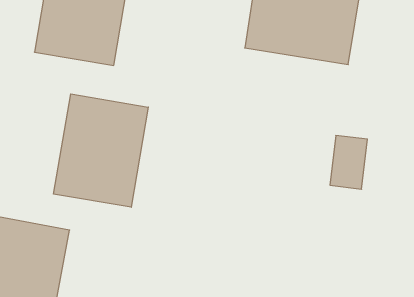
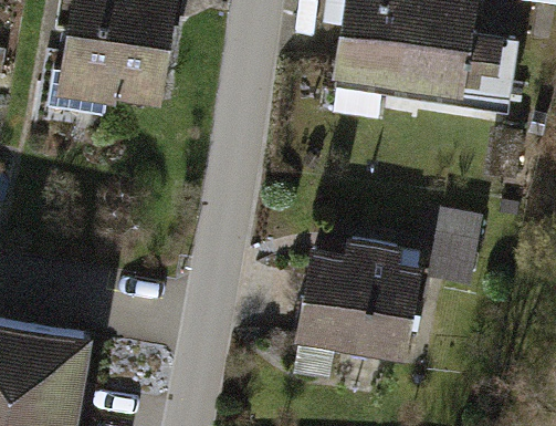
building: [54,94,148,207] -> none
building: none -> [290,248,424,363]

